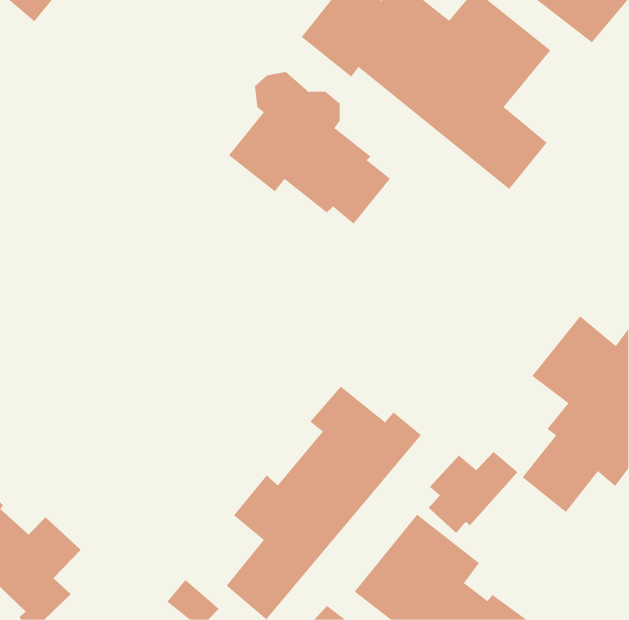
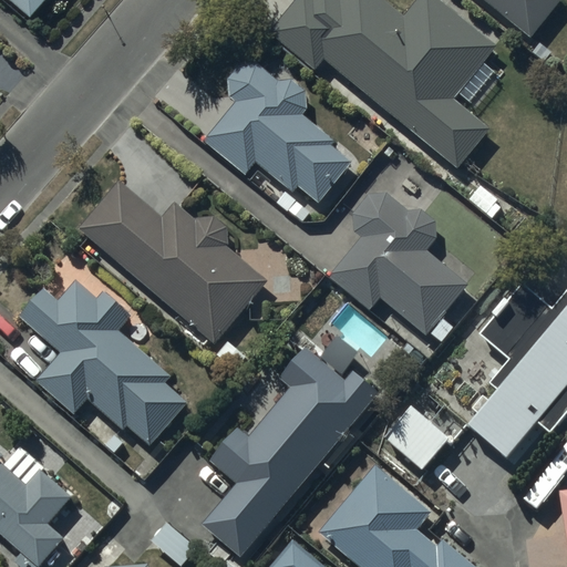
building: none -> [75,178,266,344]
building: none -> [327,192,470,337]
building: none -> [18,275,188,439]

